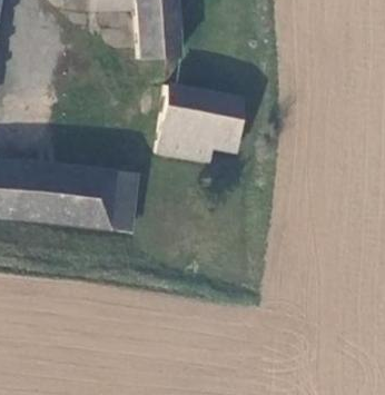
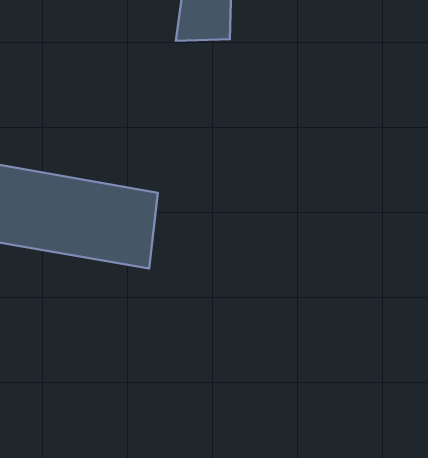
building: [158,83,245,158] -> none

